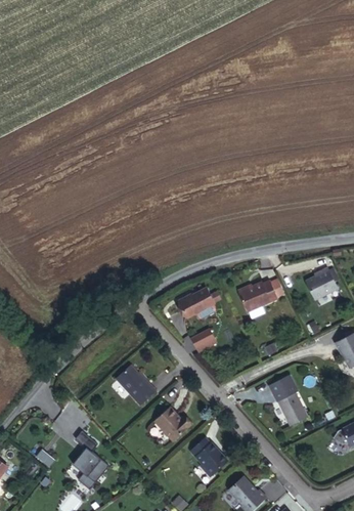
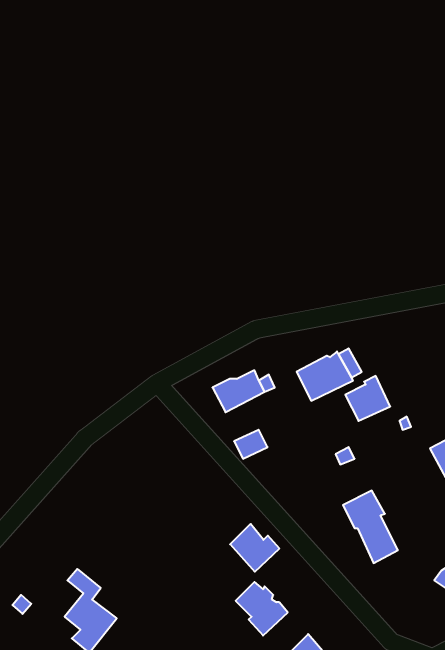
building: [301,267,333,299] -> [345,376,390,421]
building: [115,364,154,406] -> none
building: [154,408,189,441] -> [230,524,279,572]

